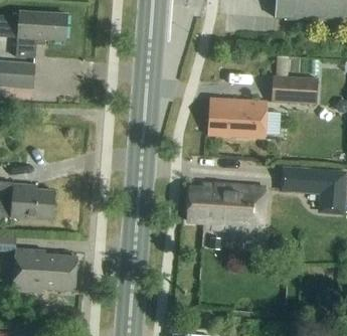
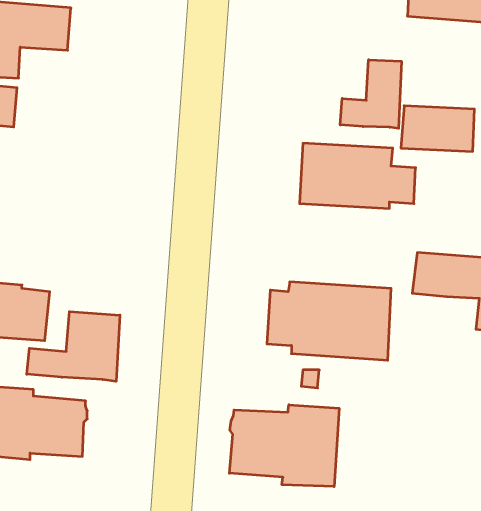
building: none -> [340,60,401,128]
building: none -> [27,312,120,381]
building: none -> [229,405,339,487]

